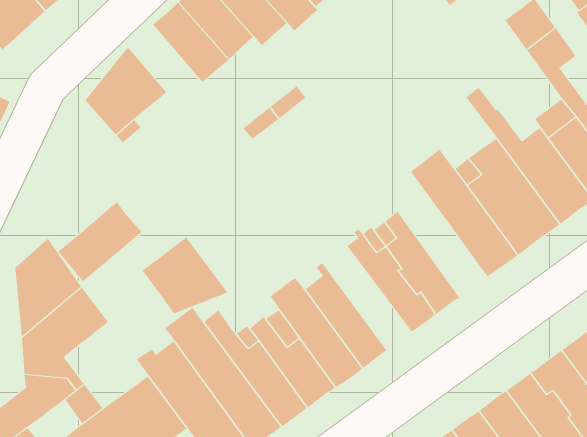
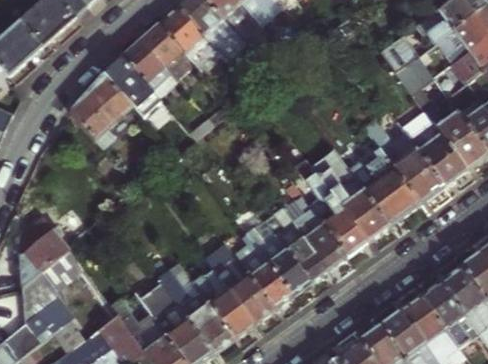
building: none -> [101,54,160,118]
building: none -> [300,163,367,256]
building: [57,201,143,282] -> none
building: [142,237,228,314] -> none
building: none -> [245,216,311,295]

